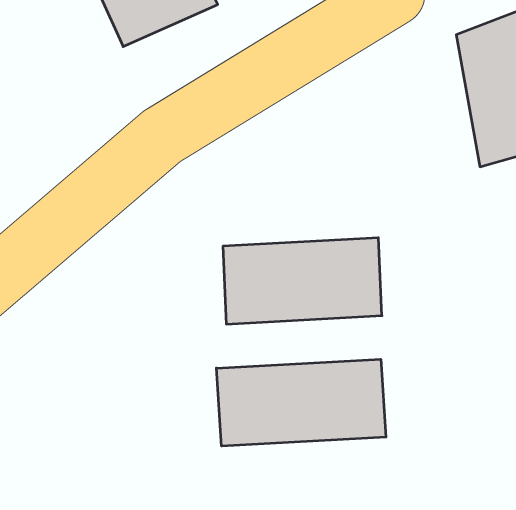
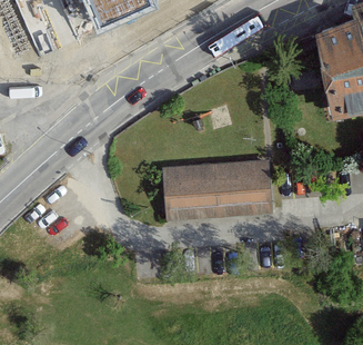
building: [216,359,386,446] -> none

